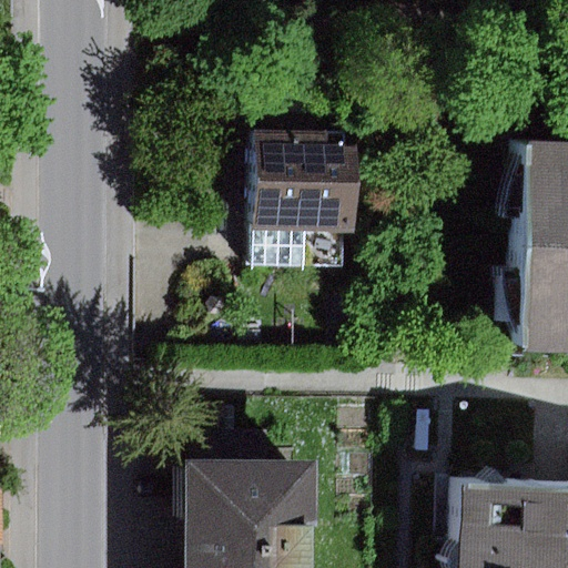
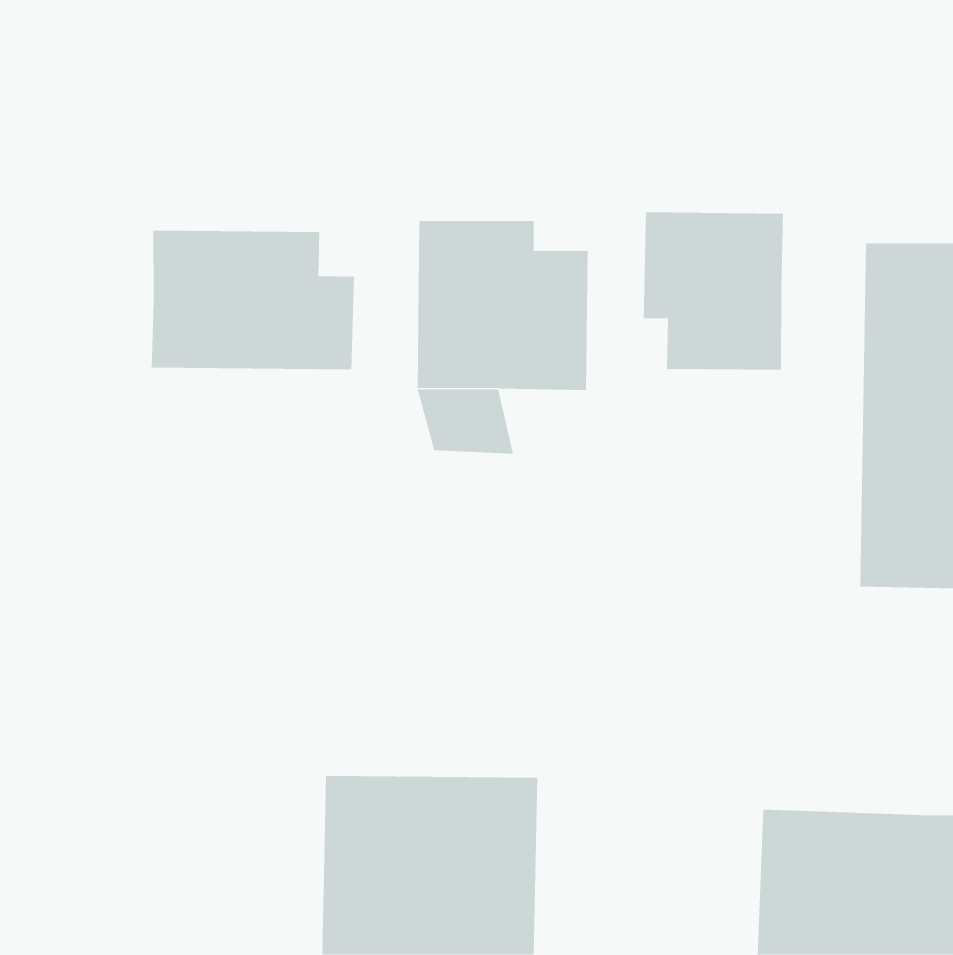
building: none -> [643,212,783,370]
building: none -> [151,230,354,370]

